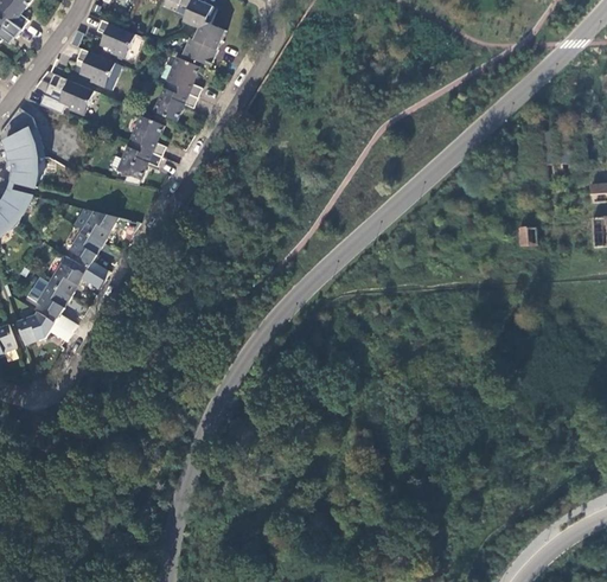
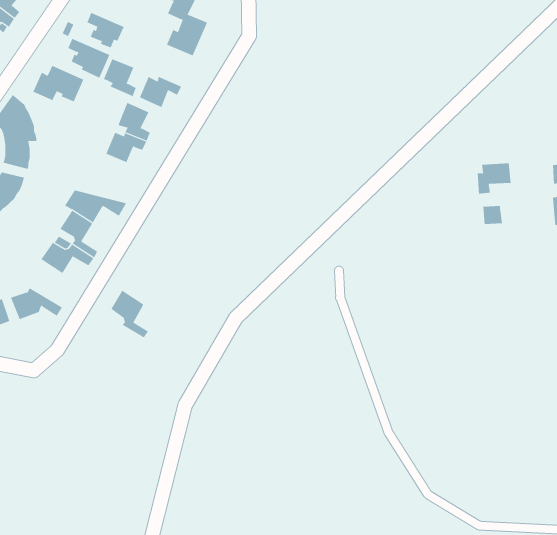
building: [165,58,200,98] -> [103,59,137,97]
building: none -> [477,163,511,194]
building: [36,281,76,332] -> [111,290,149,338]

